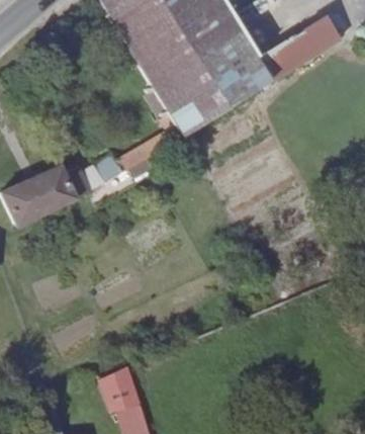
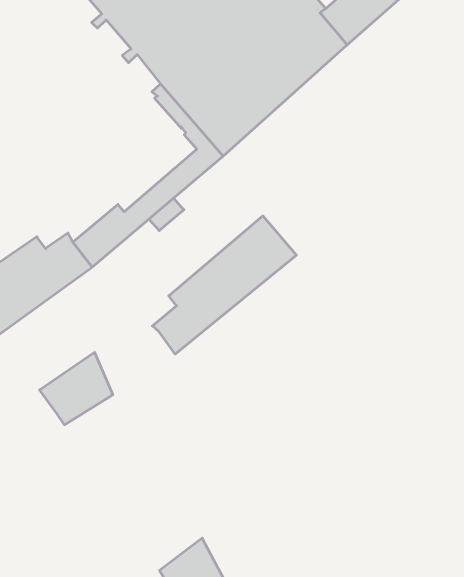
building: none -> [152,216,296,354]
building: none -> [40,352,113,425]

